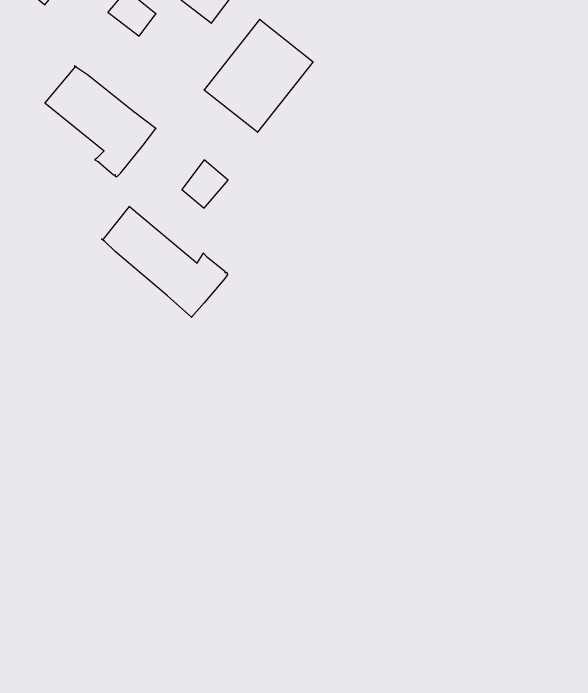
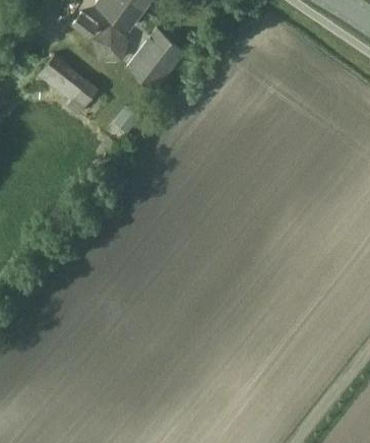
building: none -> [94,27,125,58]
building: [102,206,227,317] -> none

